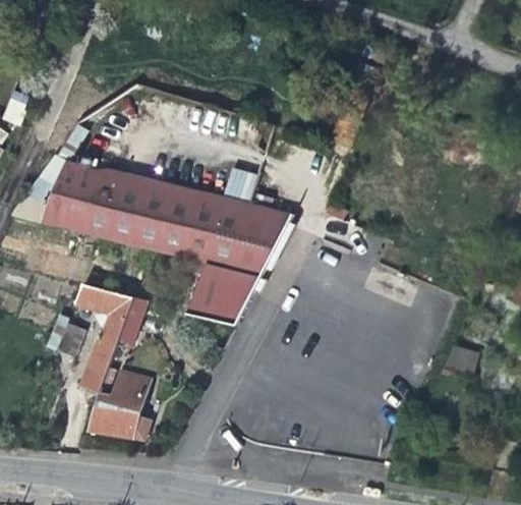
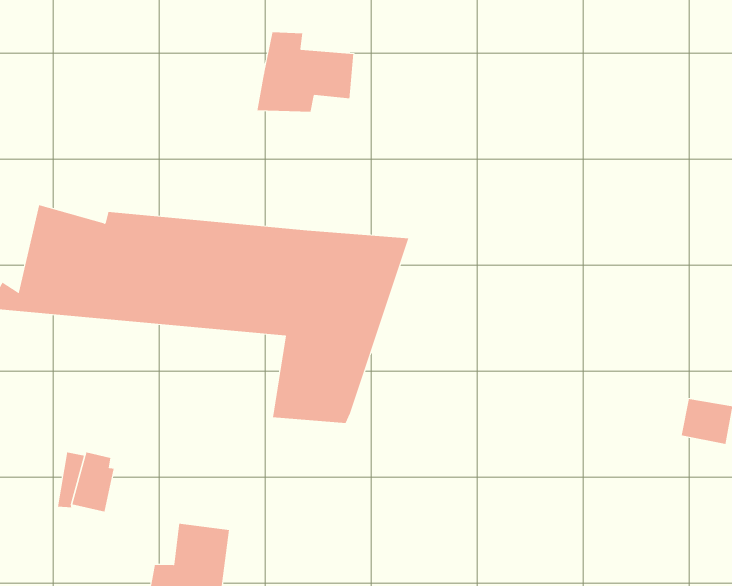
building: none -> [257,31,354,113]
building: [71,283,132,392] -> none

